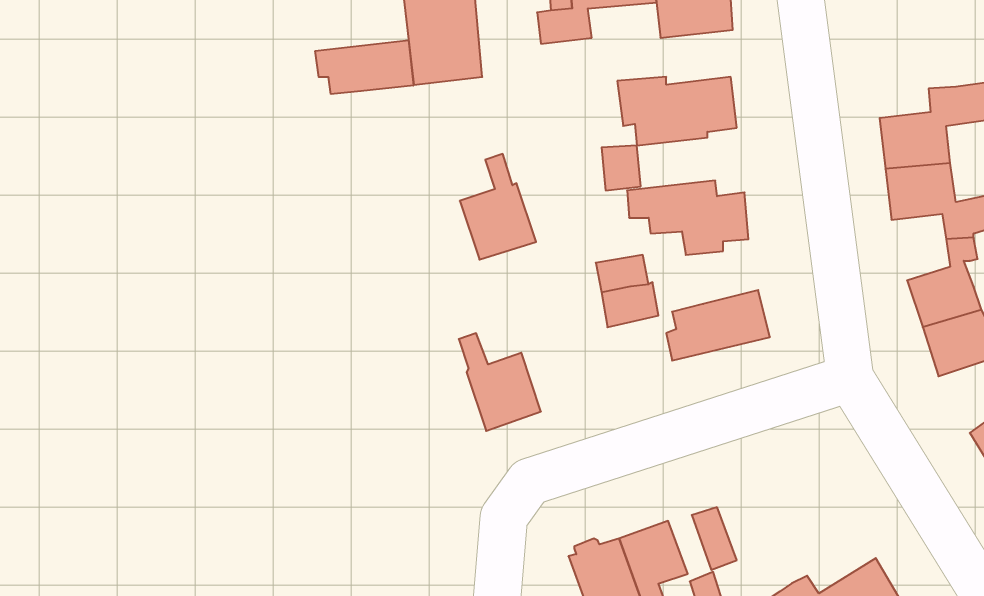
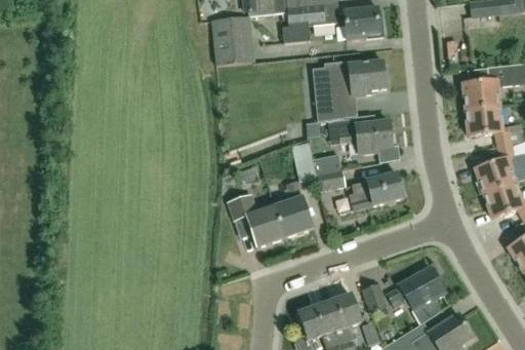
building: [315,40,413,94] -> none
building: [460,154,536,260] -> [274,181,314,236]
building: none -> [388,266,445,321]

